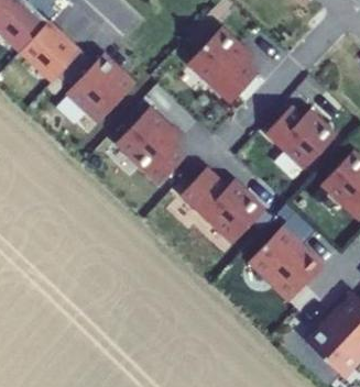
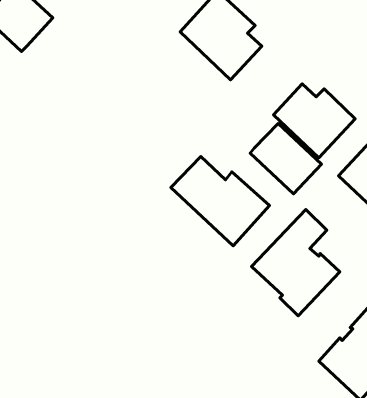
building: [57,49,134,122] -> none
building: [114,108,184,185] -> none
building: none -> [250,123,322,194]

